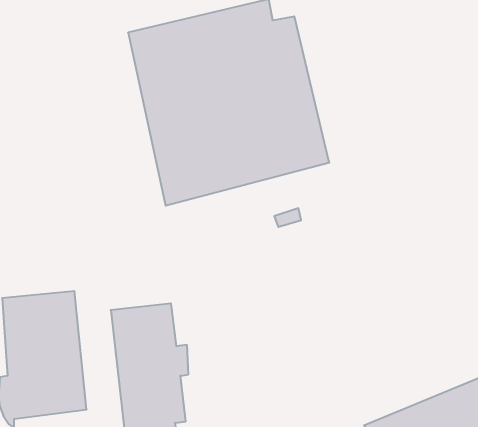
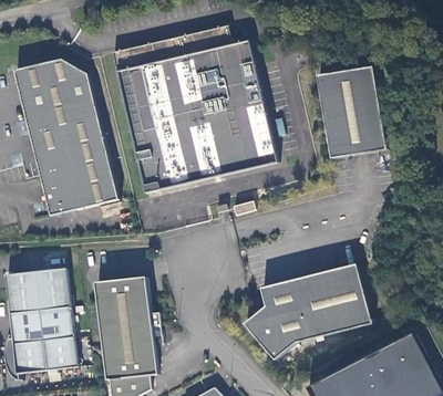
building: none -> [14,58,119,216]
building: none -> [317,65,385,157]
building: none -> [245,262,371,359]

